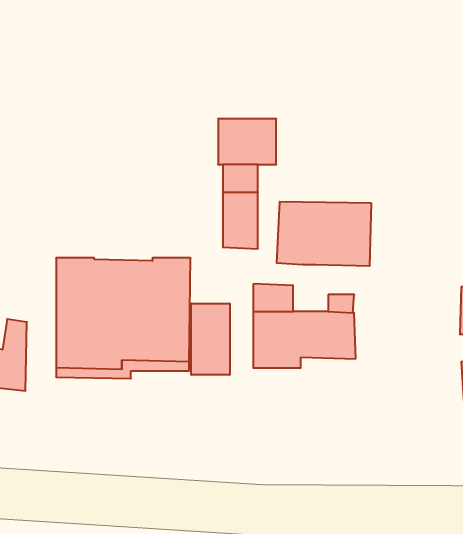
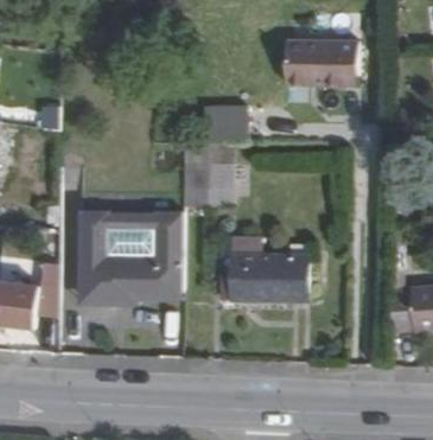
building: none -> [186,165,212,208]
building: [277,202,371,266] -> [292,36,365,85]
building: [191,303,230,375] -> none

